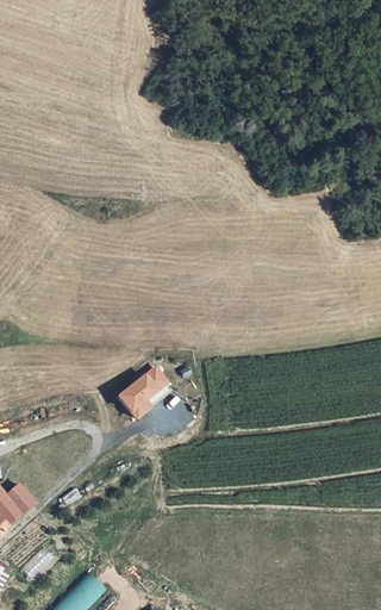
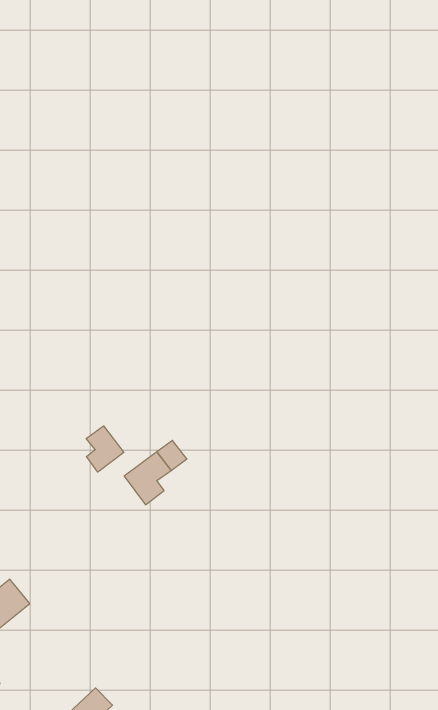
building: none -> [86,426,124,472]

